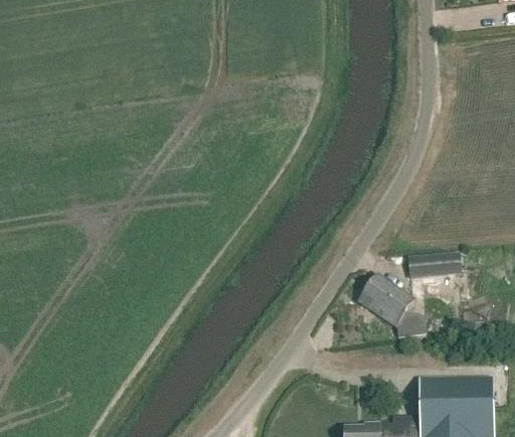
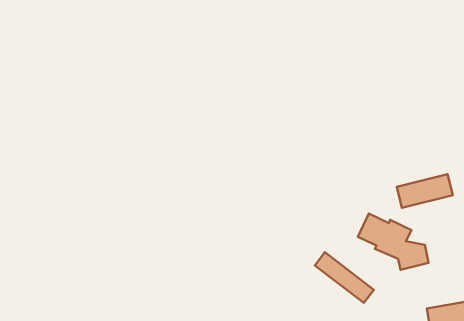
building: none -> [315,252,374,303]

